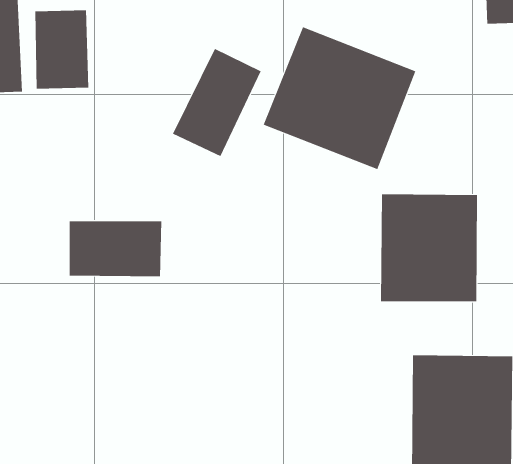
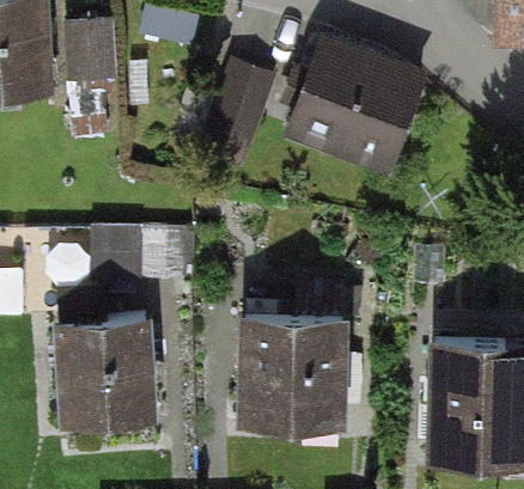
building: [380,193,478,302] -> none
building: none -> [51,316,157,417]
building: none -> [233,318,345,424]

